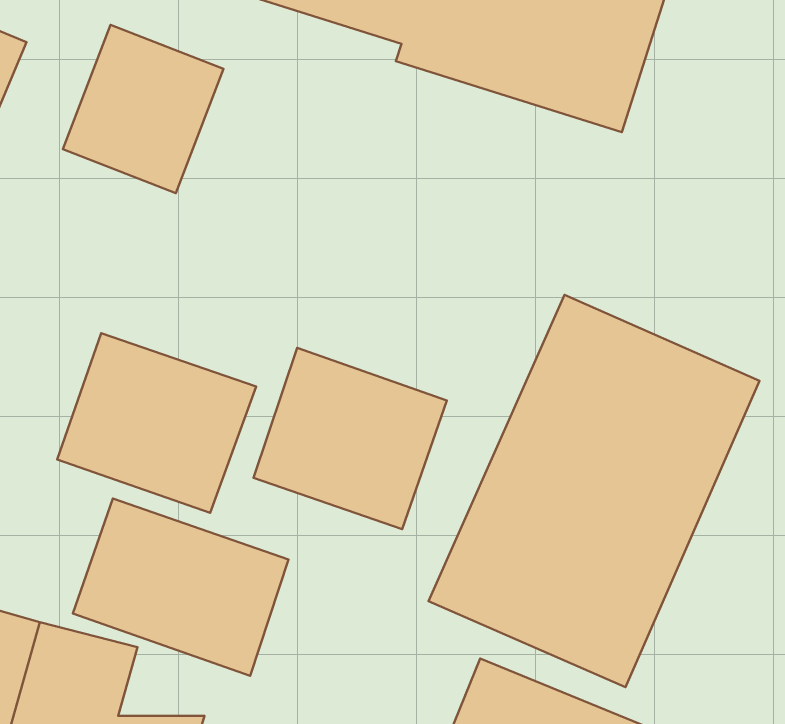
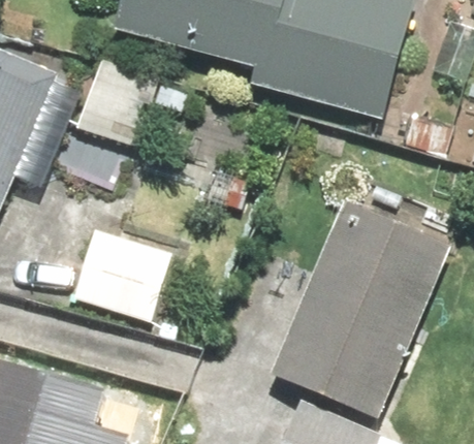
building: [254,348,447,529] -> none
building: [73,498,289,676] -> none

